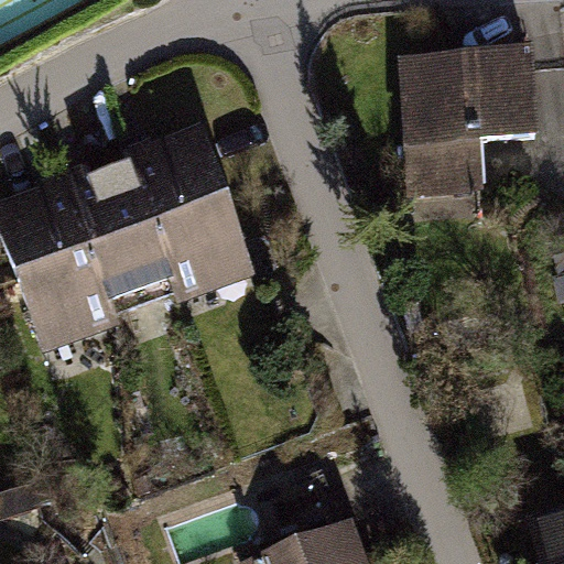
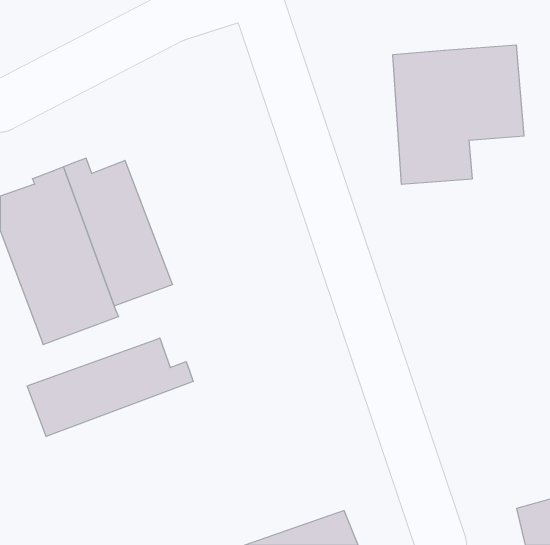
building: [123,127,253,302] -> none
building: none -> [27,338,193,437]

